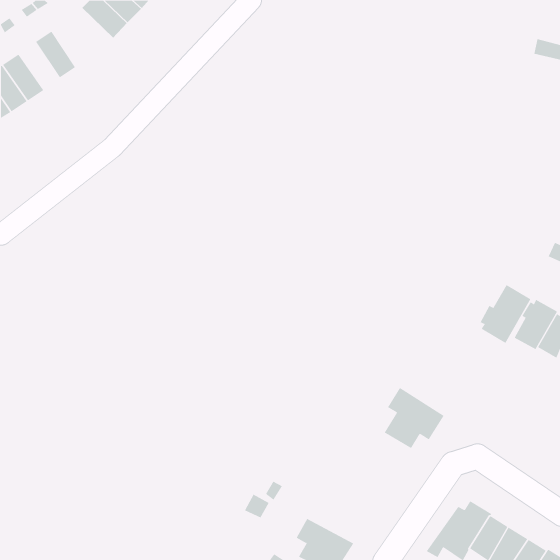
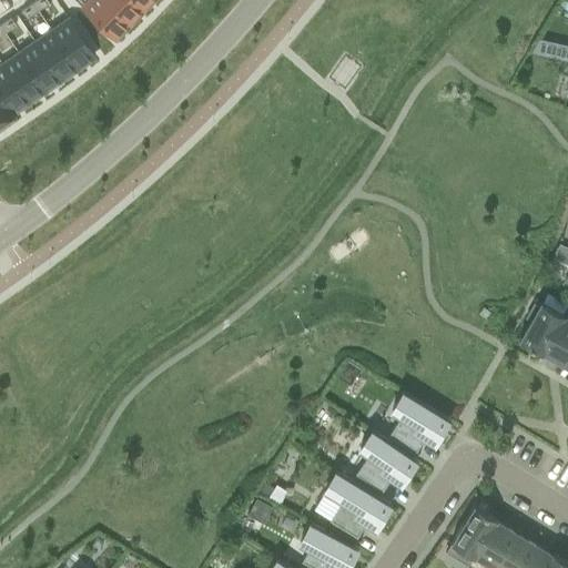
building: none -> [54,22,97,70]
building: none -> [21,44,62,93]
building: [480,284,531,344] -> none
building: none -> [356,433,418,495]
building: none -> [315,473,392,540]

